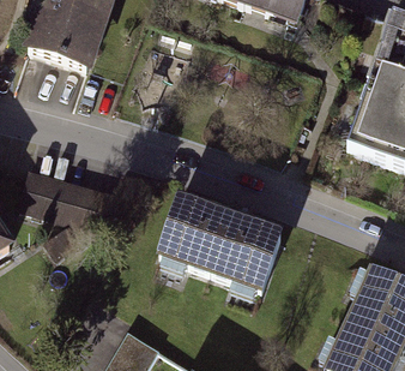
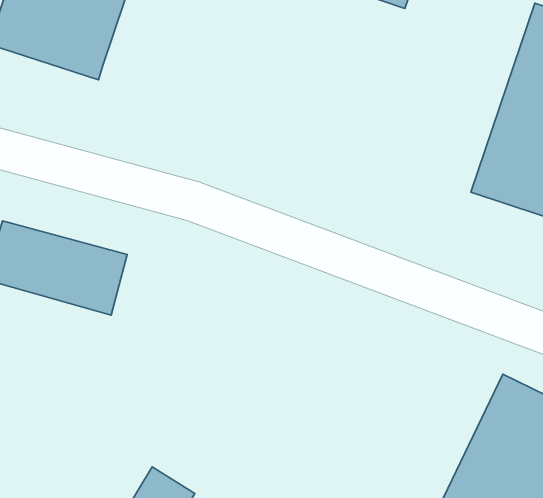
building: [158,197,285,292] -> none

